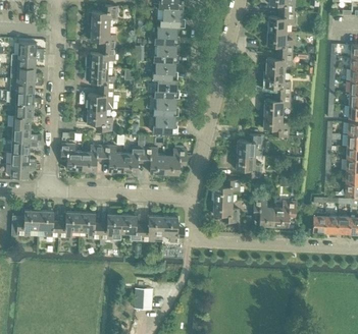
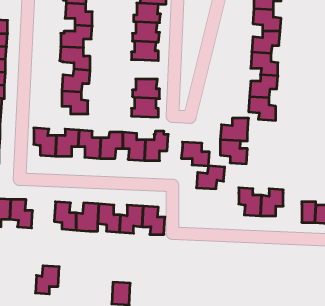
building: [154,79,180,98] -> none
building: [212,200,239,222] -> [181,142,209,166]
building: [58,212,81,238] -> [35,266,59,294]

